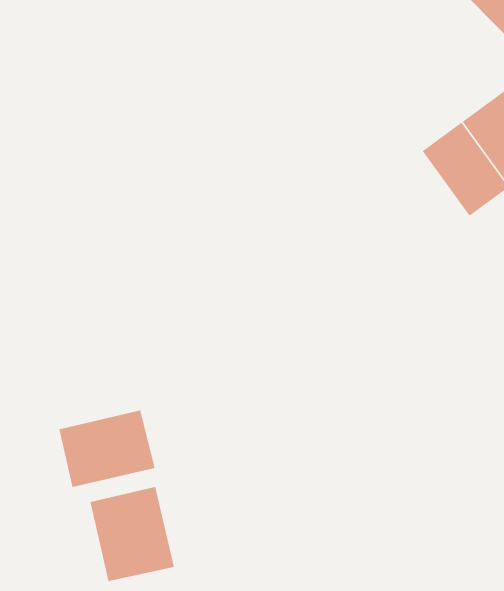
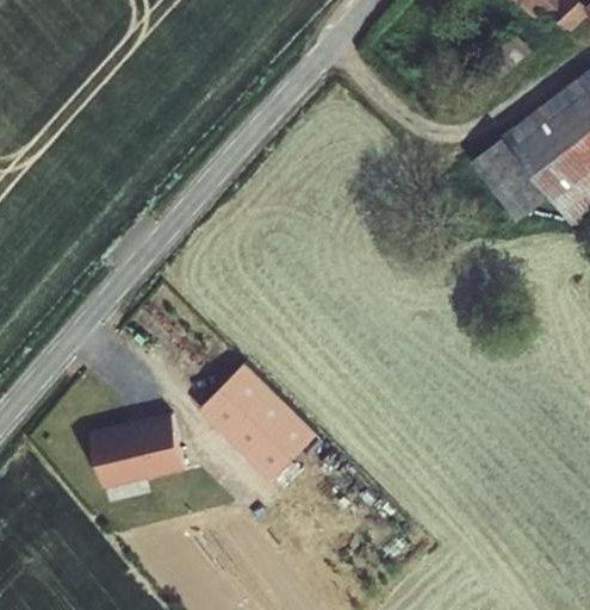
building: none -> [201,365,324,485]
building: [90,486,174,582] -> none

